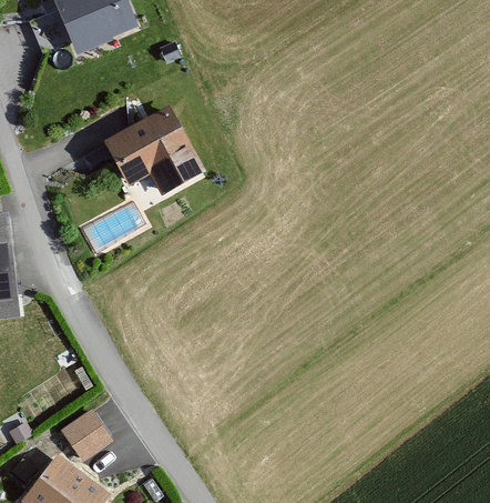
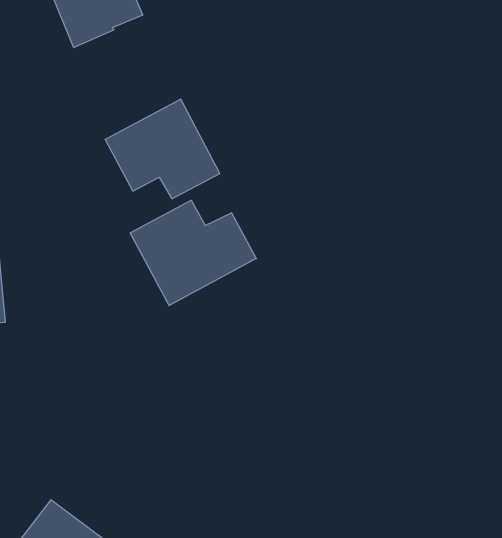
building: none -> [130,200,256,306]
building: [58,409,112,463] -> none

